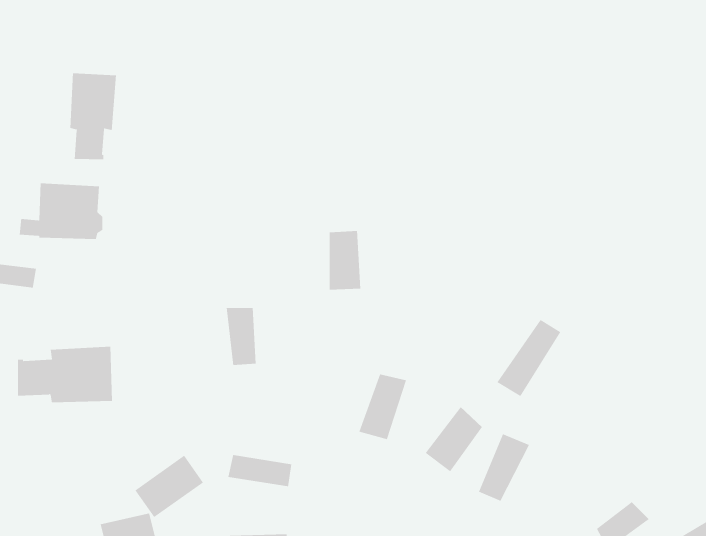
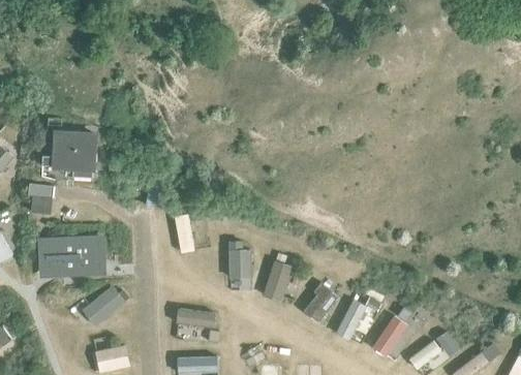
building: [70,72,116,160] -> none
building: [329,230,361,290] -> [228,239,249,277]
building: [497,319,561,397] -> [372,306,413,355]
building: [134,455,204,518] -> [82,286,126,326]

